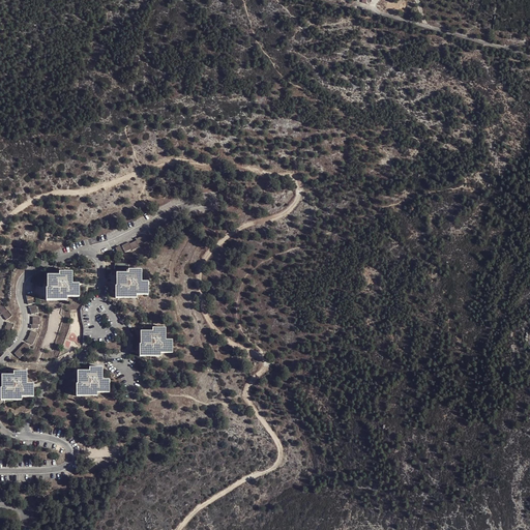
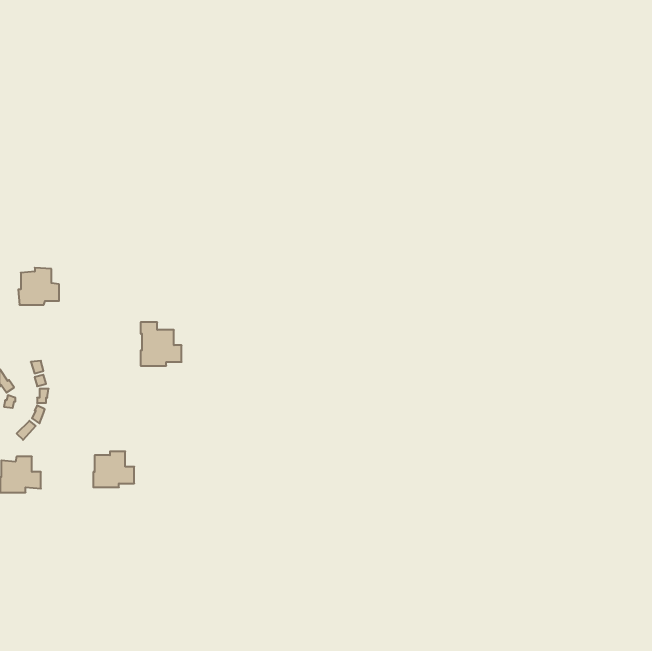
building: [45,269,78,299] -> [18,268,59,305]
building: [139,325,172,354] -> none

